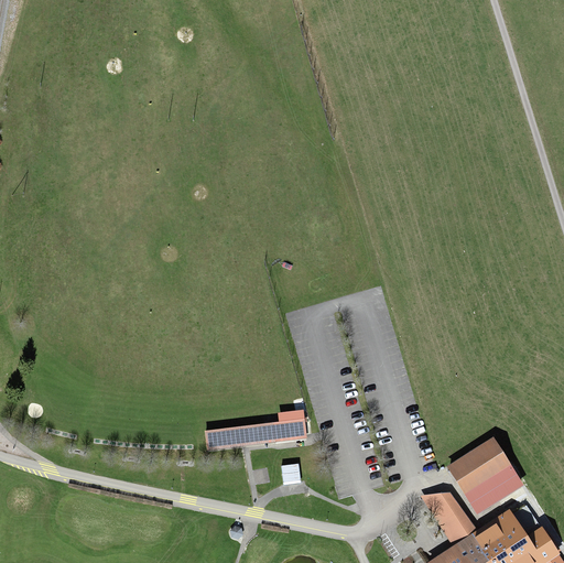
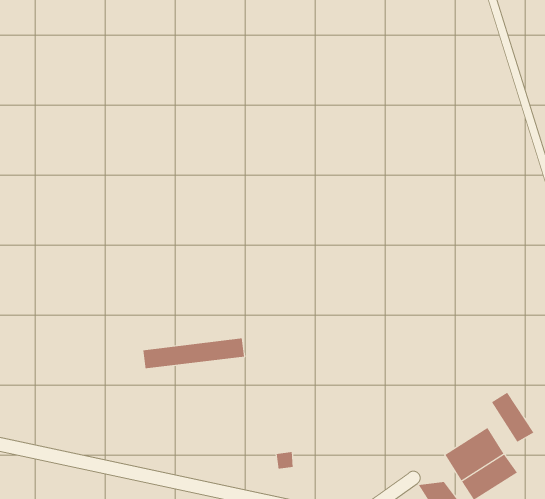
building: none -> [491,392,534,442]
building: [205,419,306,450] -> [143,338,245,369]

